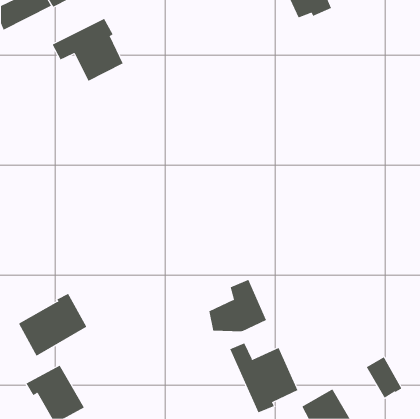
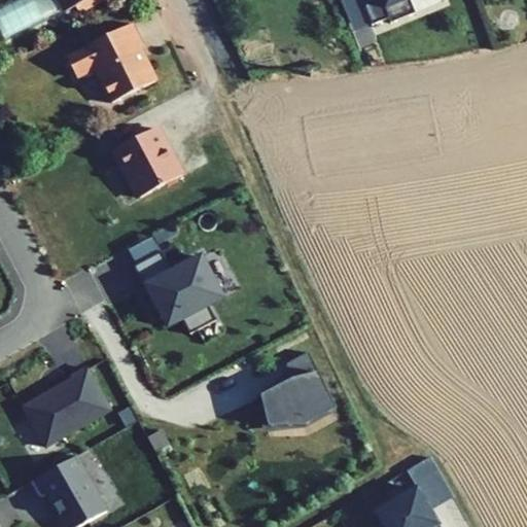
building: none -> [116,126,183,195]
building: none -> [134,250,220,332]
building: [230,343,298,413] -> none
building: [366,357,402,399] -> [408,455,453,507]

